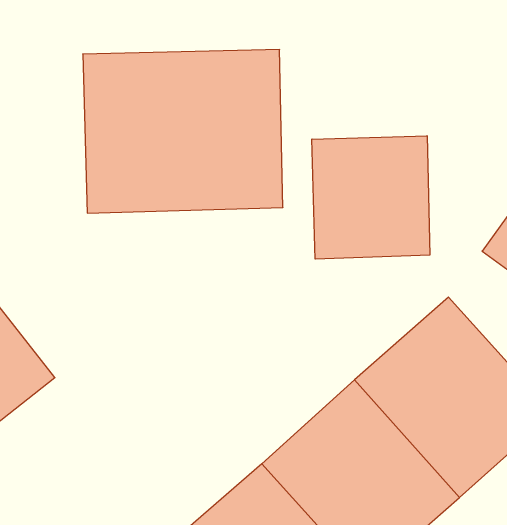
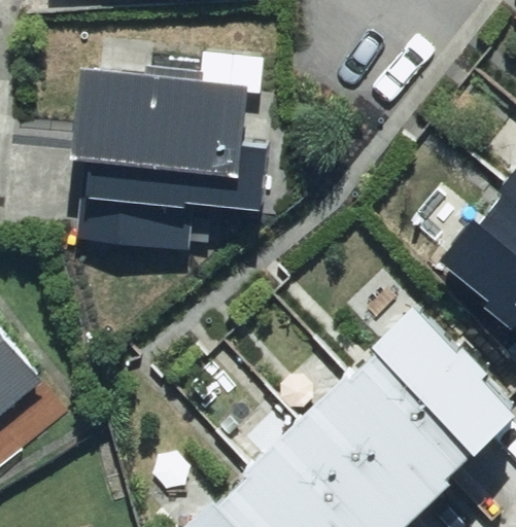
building: [312,136,430,259] -> none

